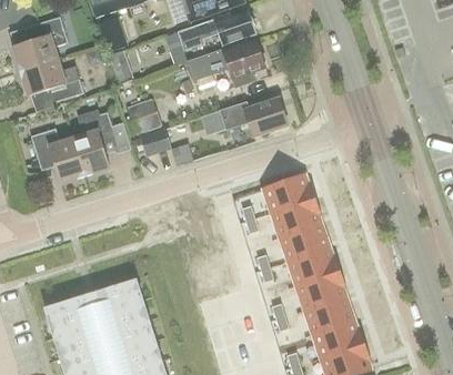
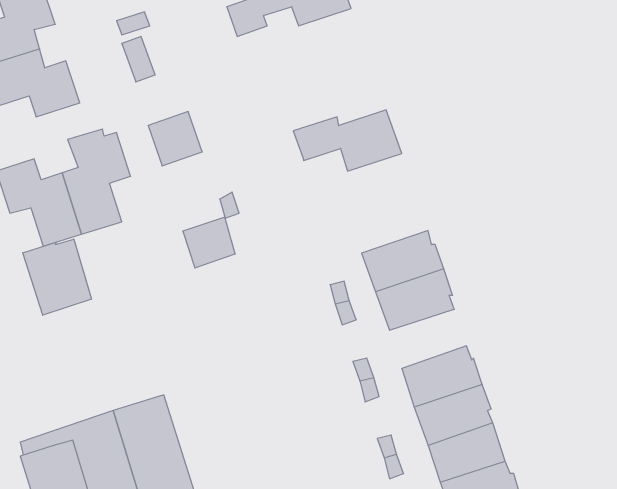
building: [187,40,264,87] -> none
building: [138,124,171,156] -> [183,217,235,268]
building: none -> [23,239,91,315]
building: [280,223,329,261] -> none

